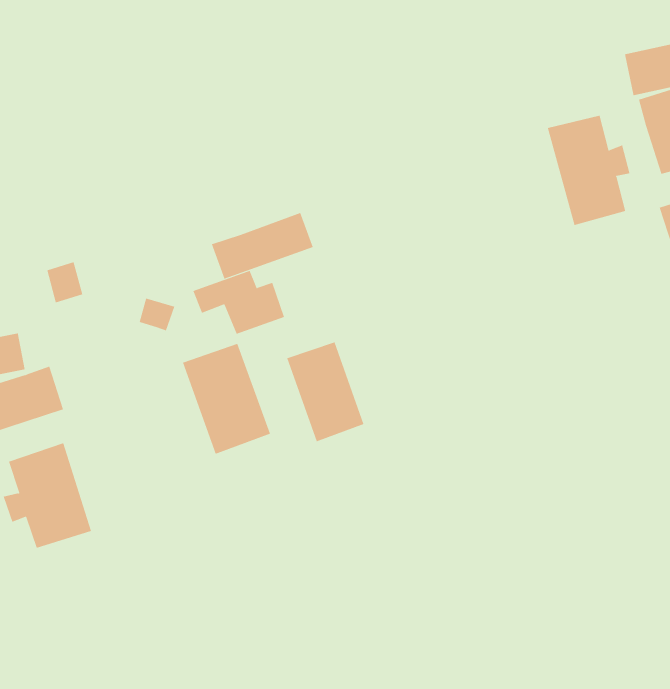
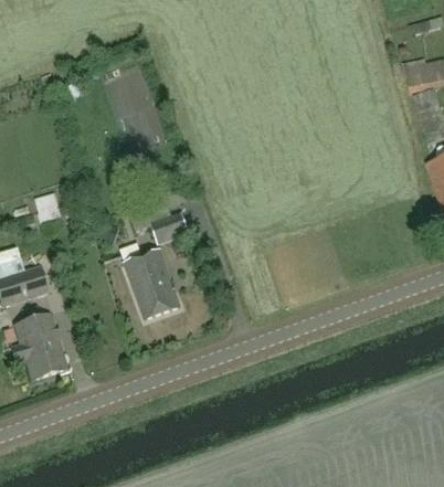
building: [547,115,630,226] -> none
building: [211,212,313,279] -> none
building: [286,341,364,442] -> none

